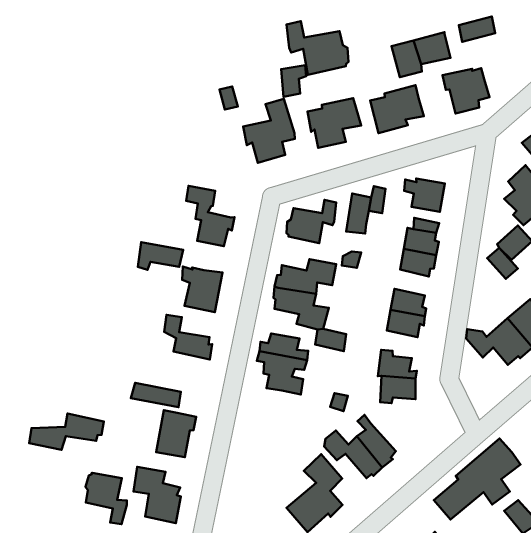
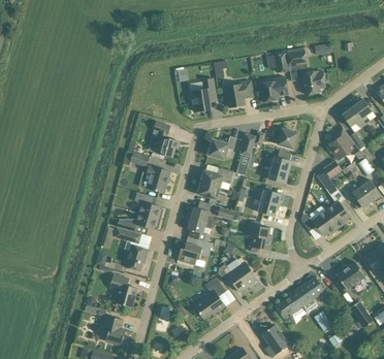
building: [287,21,349,75] -> none
building: none -> [177,238,212,264]
building: [29,414,104,450] -> [116,211,158,231]
building: [85,473,127,524] -> none

